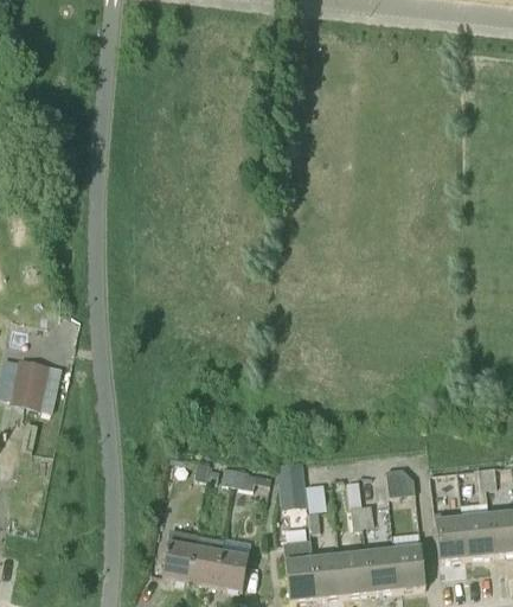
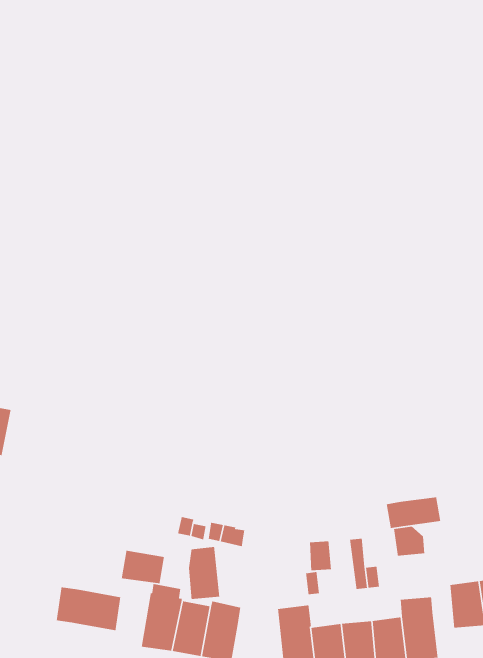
building: none -> [386,496,441,529]
building: [278,461,307,509] -> [188,546,220,600]
building: none -> [121,550,165,584]
building: none -> [56,586,121,631]

